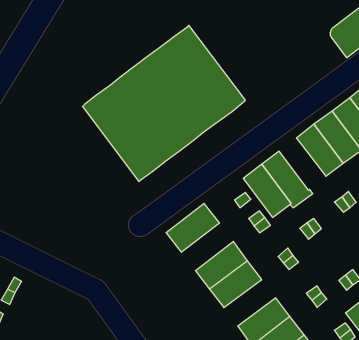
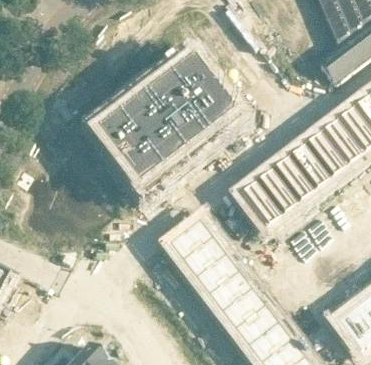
building: none -> [270,155,313,203]
building: none -> [180,233,228,277]
building: none -> [219,285,267,328]

